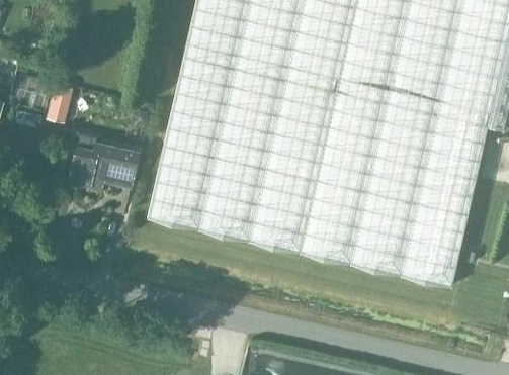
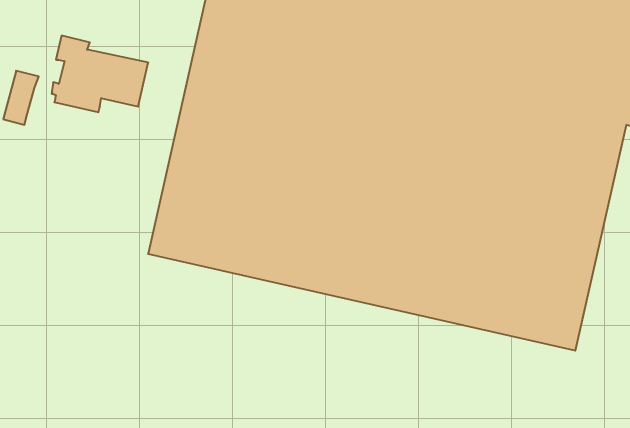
building: [70,133,139,188] -> [52,36,148,112]

